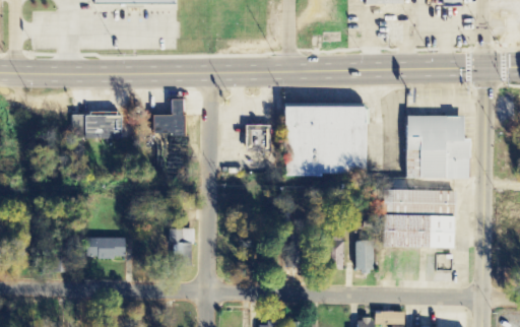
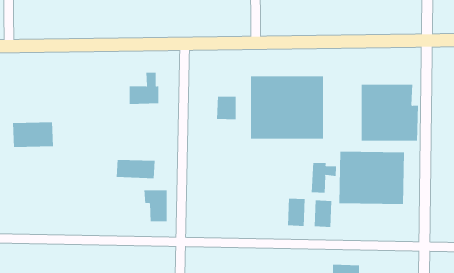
building: [83,110,129,138] -> [12,122,54,148]
building: none -> [311,162,337,193]
building: [85,237,129,258] -> [116,160,155,179]

